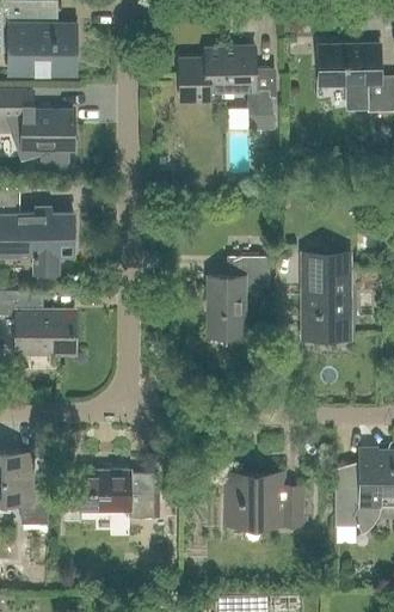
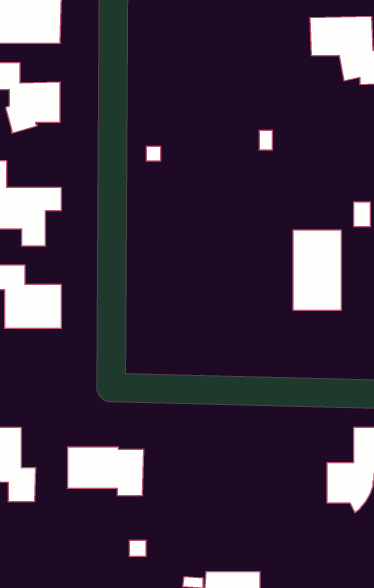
building: [179,49,275,131] -> none
building: [207,257,270,337] -> none
building: [227,476,302,525] -> none

